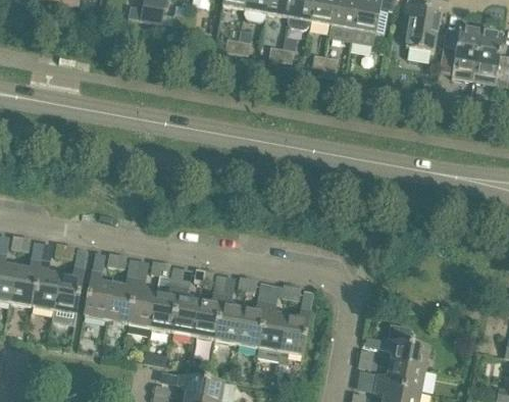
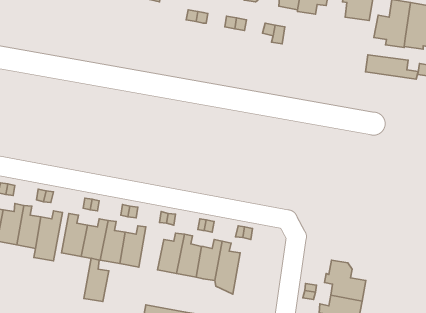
building: none -> [366,55,418,79]
building: [170,285,199,334] -> [84,258,109,301]
building: [276,307,310,364] -> none

